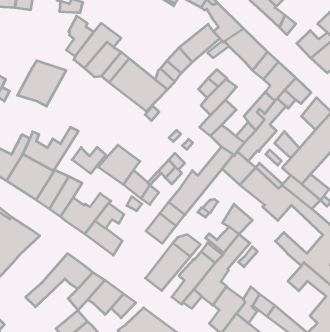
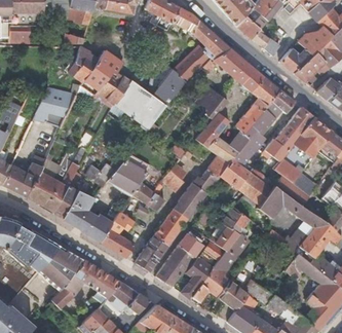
building: none -> [275,123,301,152]
building: none -> [136,234,170,272]
building: none -> [38,245,86,291]

